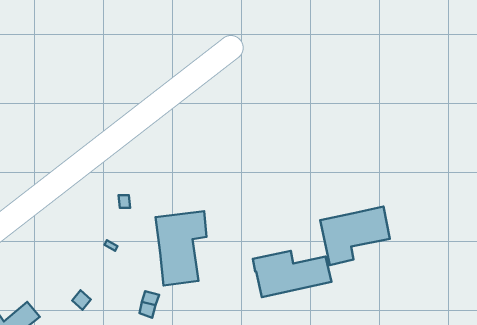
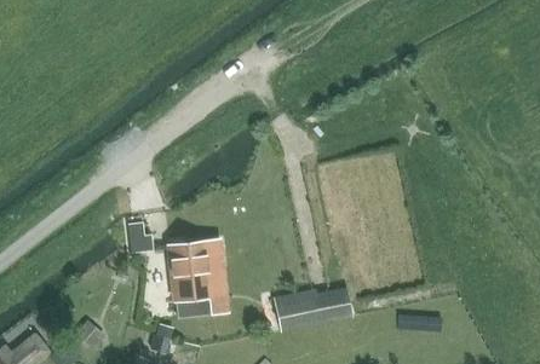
building: [320,206,390,265] -> none

